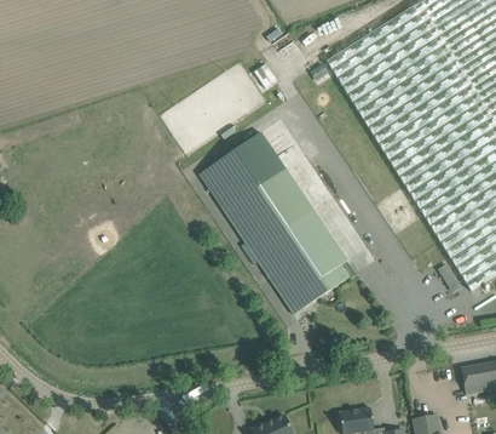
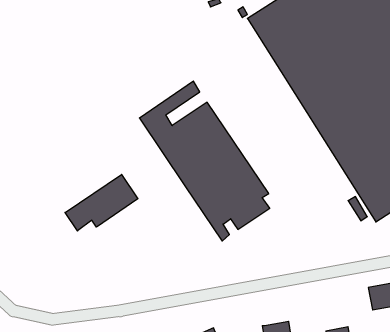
building: none -> [65,174,138,231]

